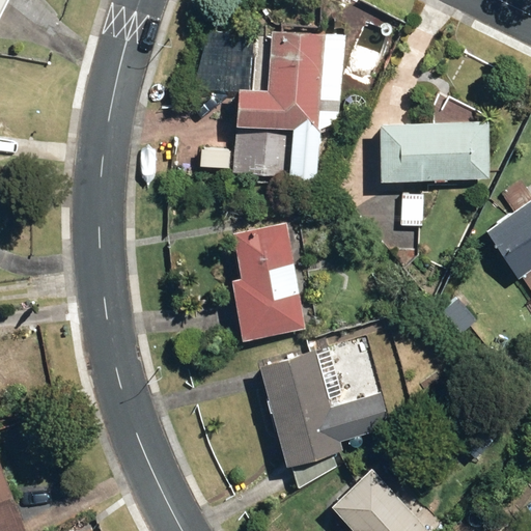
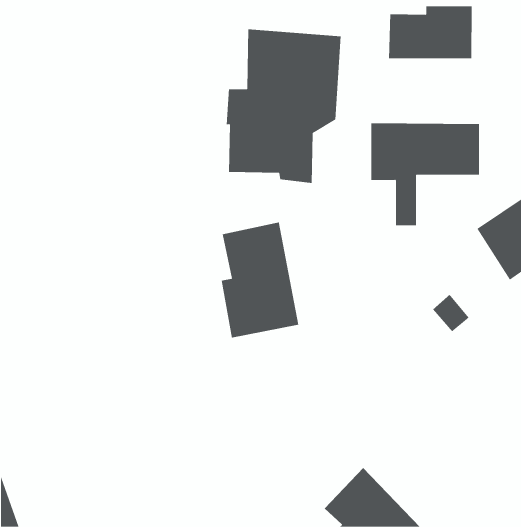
building: none -> [389,5,472,59]
building: [256,335,395,467] -> none

